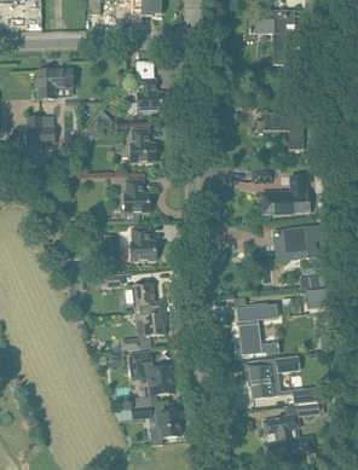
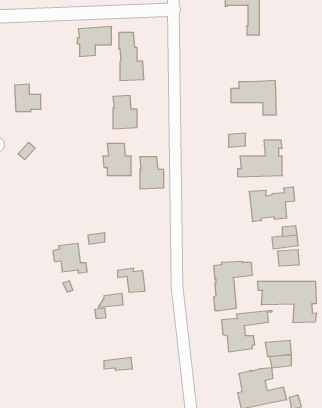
building: [36,69,73,100] -> [77,27,111,56]
building: [131,227,156,261] -> [140,157,164,189]
building: [126,283,162,314] -> [53,243,87,273]
building: none -> [258,281,316,323]
building: [128,352,175,396] -> none
building: [150,412,180,446] -> none

